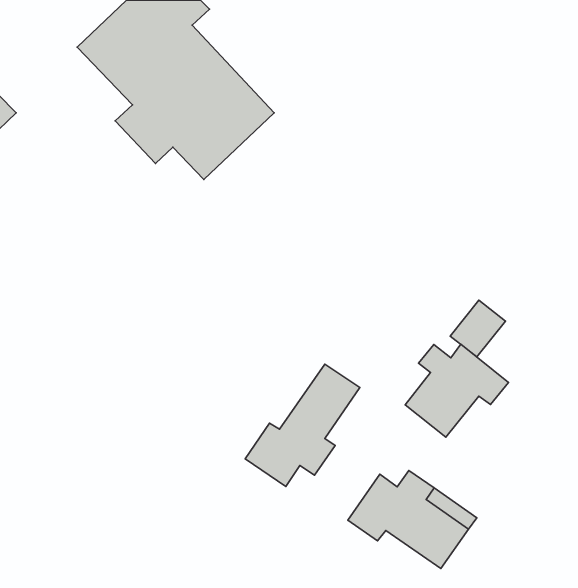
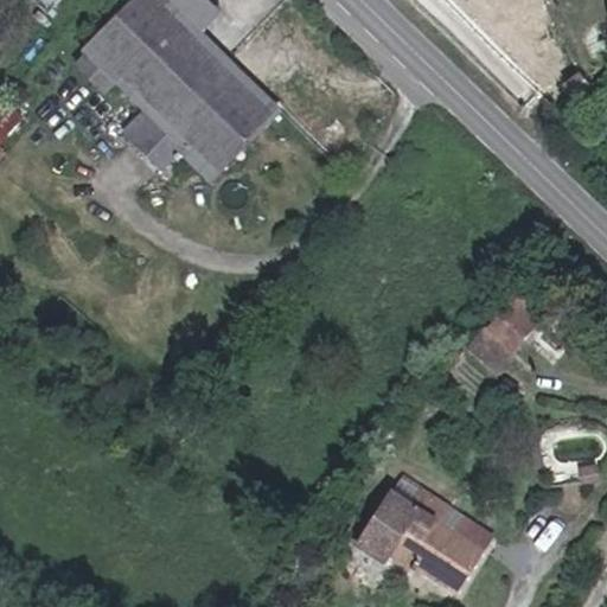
building: [405,344,508,437] -> none
building: [245,364,360,487] -> none

